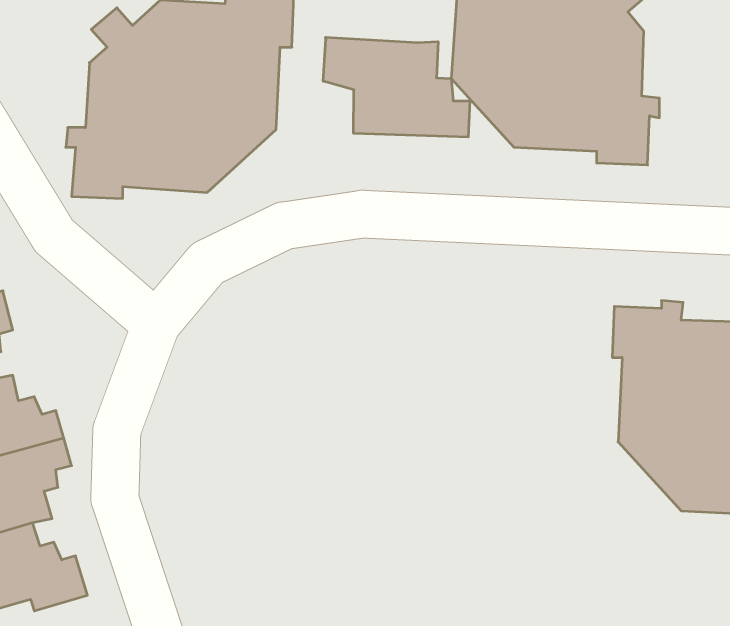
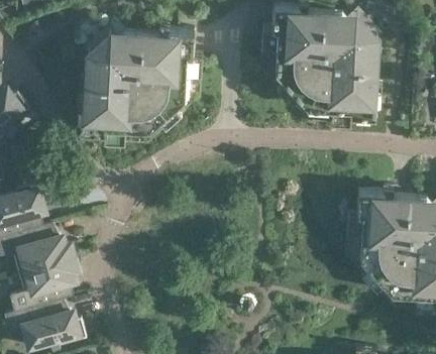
building: [323,37,470,137] -> none

